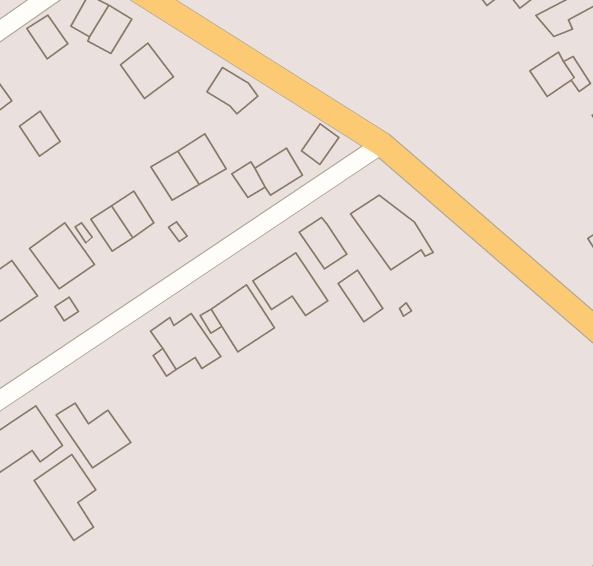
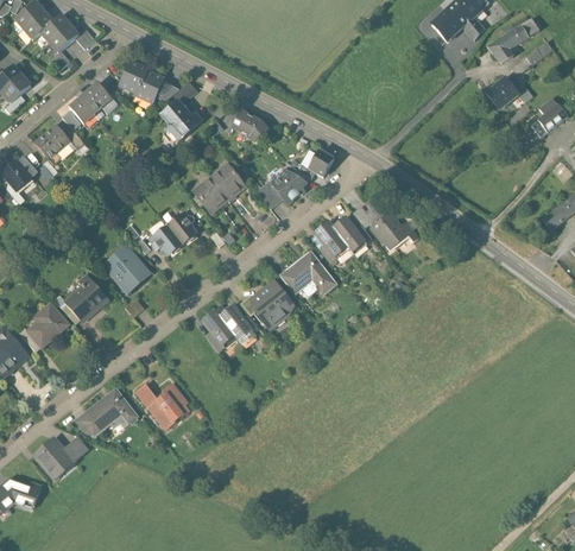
building: [19,111,60,156] -> [68,89,101,125]
building: [338,270,383,322] -> [333,211,369,252]
building: [34,455,96,540] -> none

